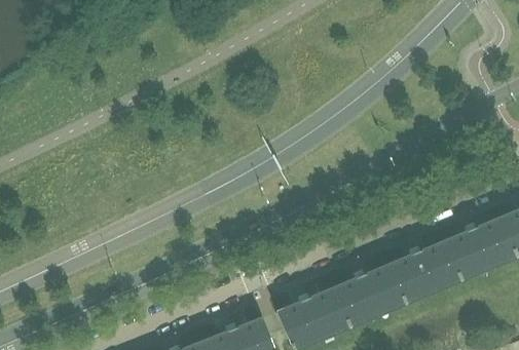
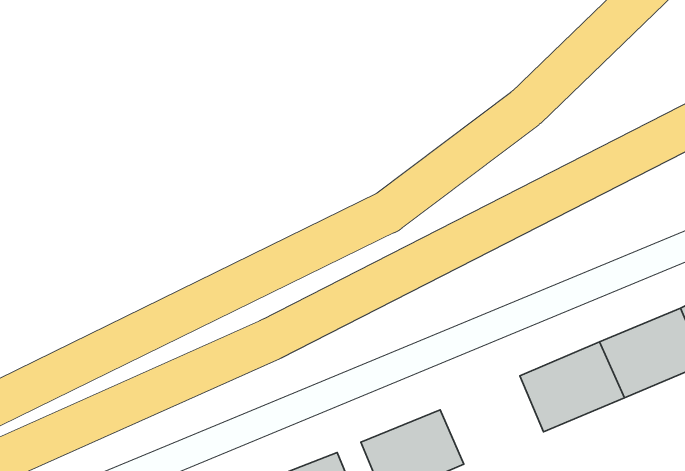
building: [333,265,405,326] -> none

